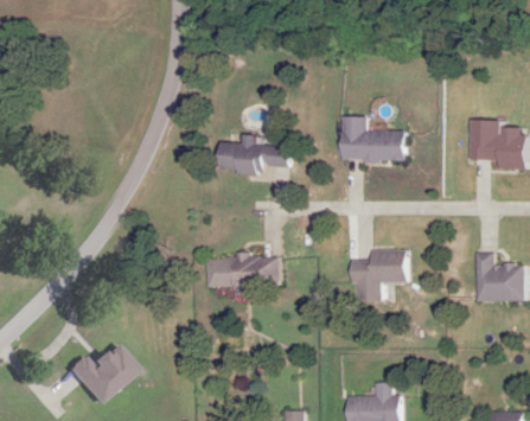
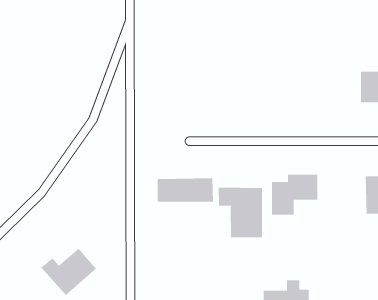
building: [344,116,413,161] -> none
building: [224,142,301,173] -> none
building: none -> [218,187,262,238]

